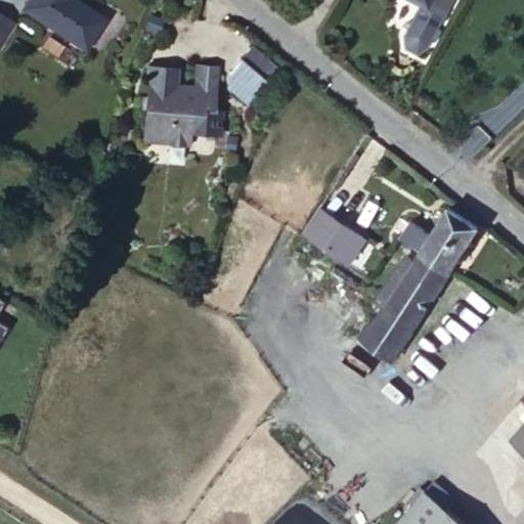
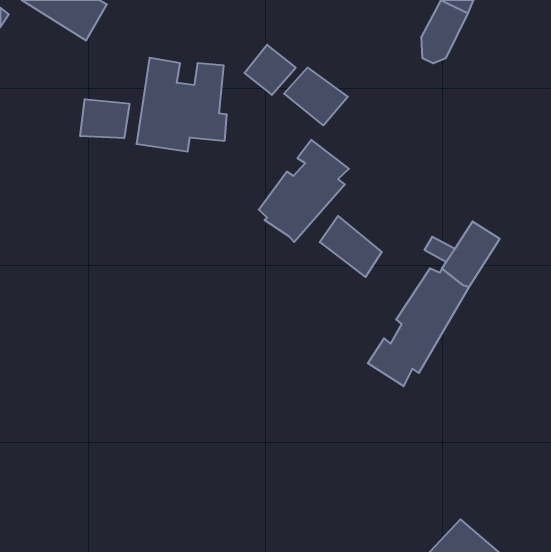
building: none -> [284,68,348,125]
building: none -> [80,99,129,138]
building: none -> [259,140,349,242]

